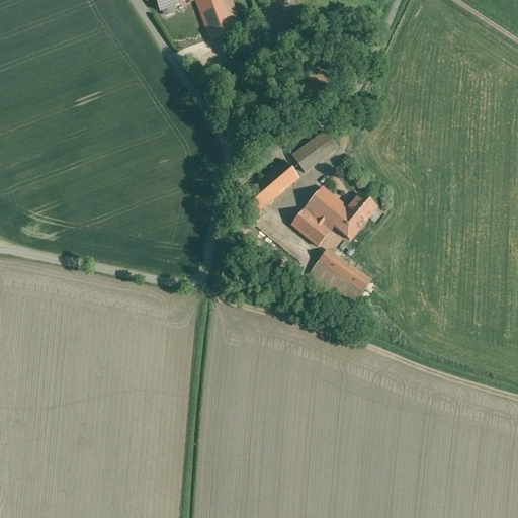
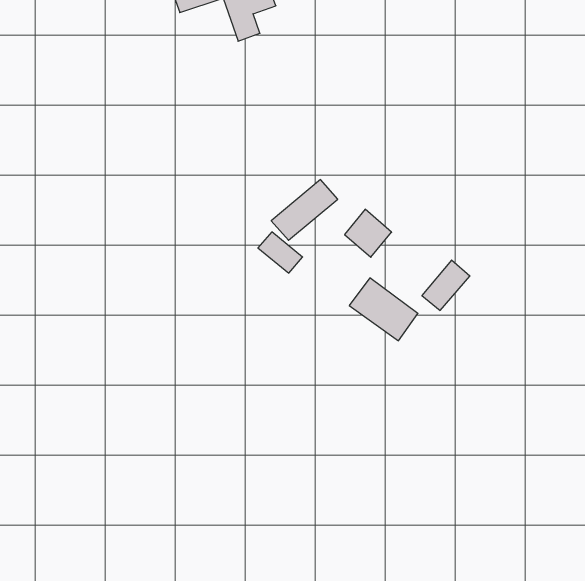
building: [292,130,337,170] -> none
building: [334,192,376,237] -> [422,260,470,310]
building: [290,207,330,244] -> [258,232,303,273]

